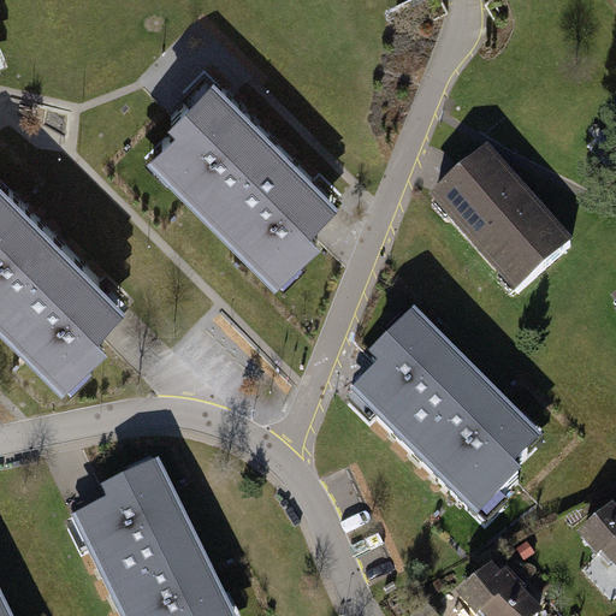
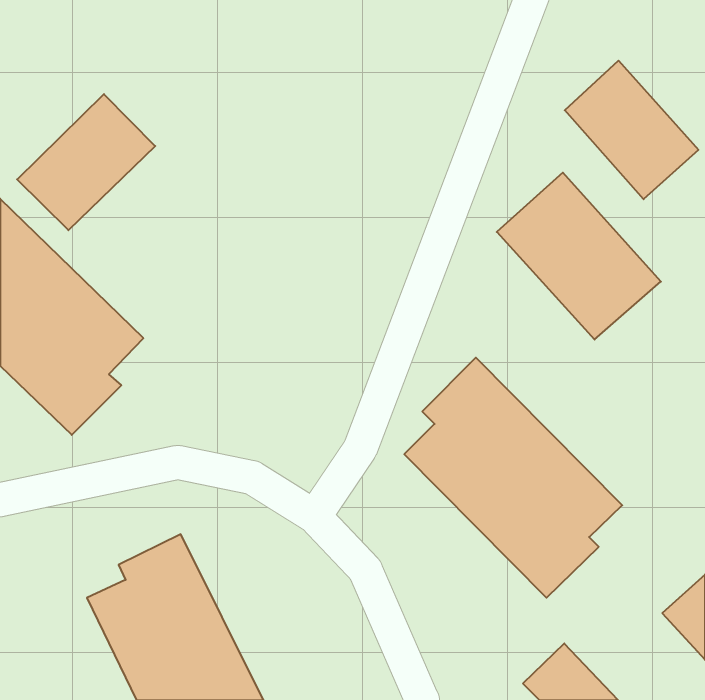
building: none -> [565,61,698,199]
building: [147,65,337,278] -> none
building: none -> [17,94,155,230]

